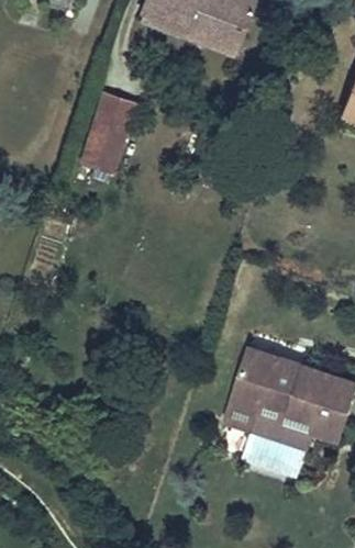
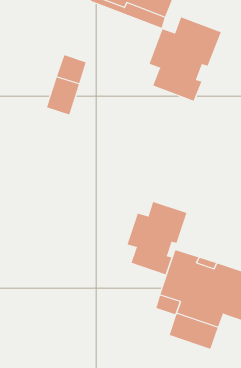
building: none -> [149,16,221,102]
building: none -> [127,201,187,275]

